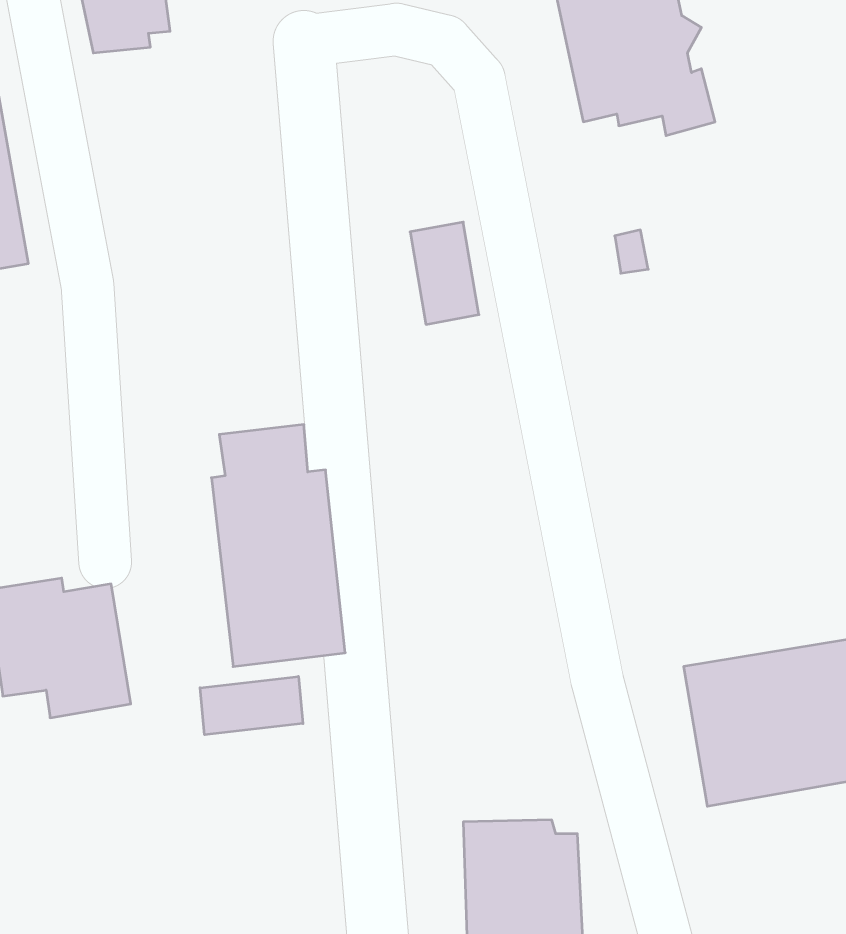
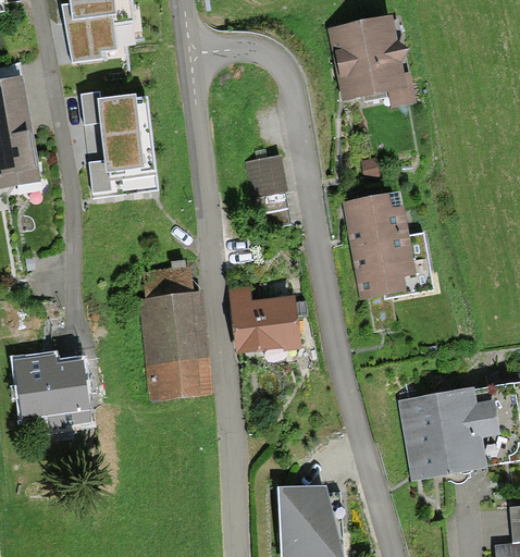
building: none -> [79,91,156,198]
building: none -> [343,191,433,297]
building: none -> [230,289,297,351]
building: [200,676,303,735] -> none

